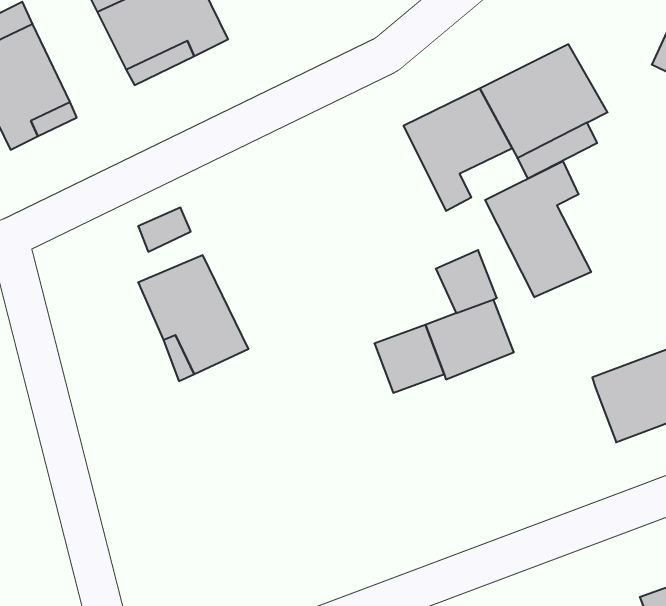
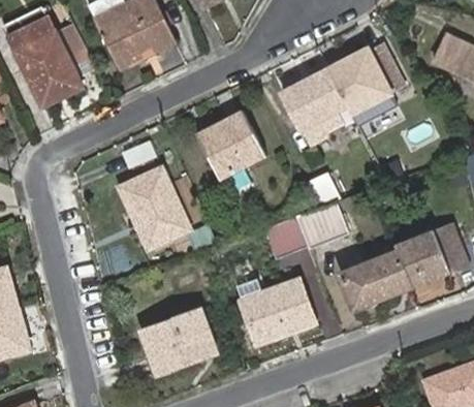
building: none -> [196,113,262,177]
building: [485,161,591,297] -> none
building: none -> [338,252,410,308]
building: none -> [236,278,314,342]
building: none -> [145,312,215,373]

